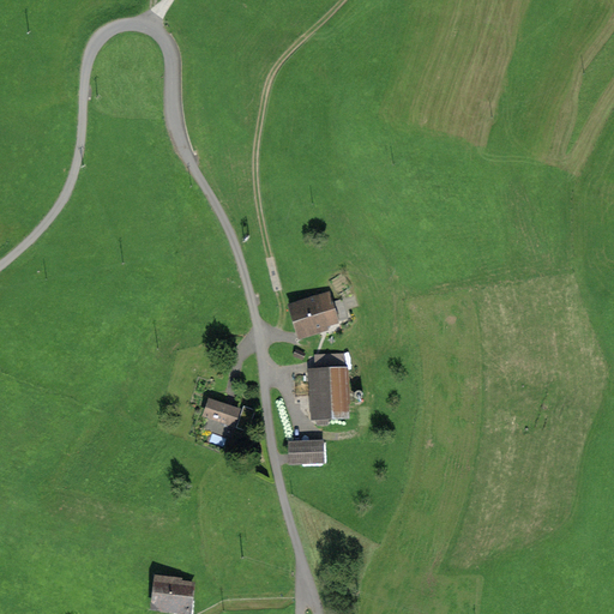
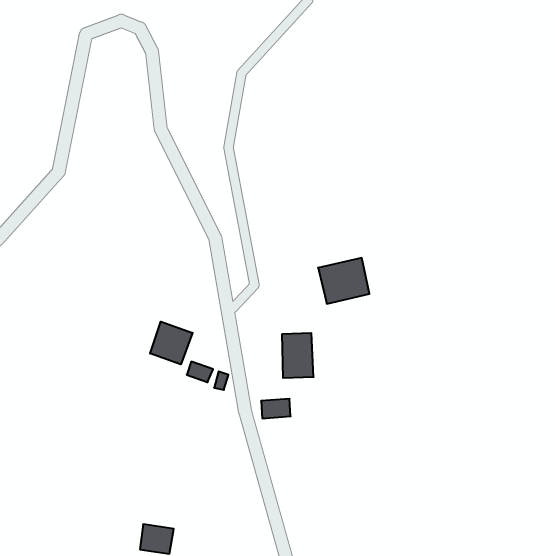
building: [288,288,344,338] -> [318,258,369,304]
building: none -> [150,322,193,364]

